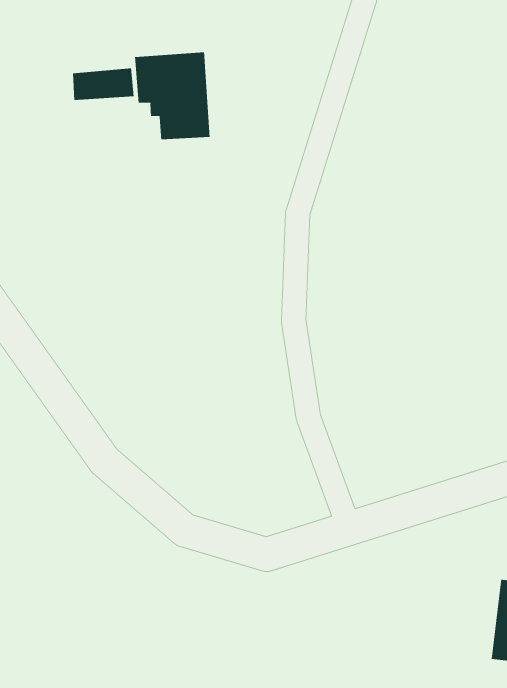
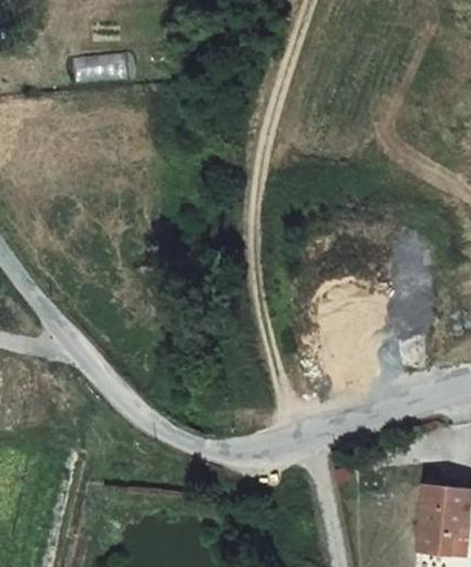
building: [135,52,210,140] -> none

